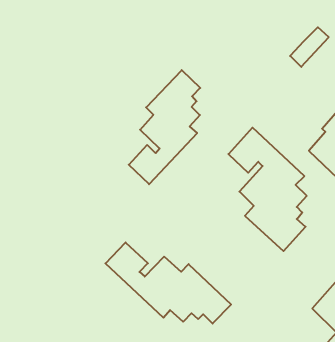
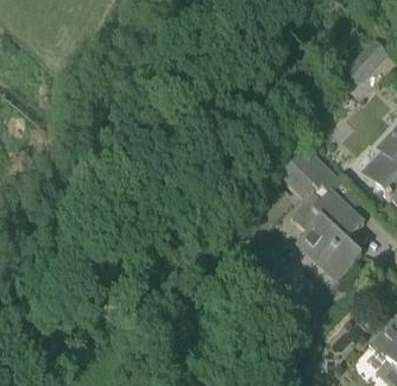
building: [129,70,200,184] -> none
building: [105,242,231,324] -> none

